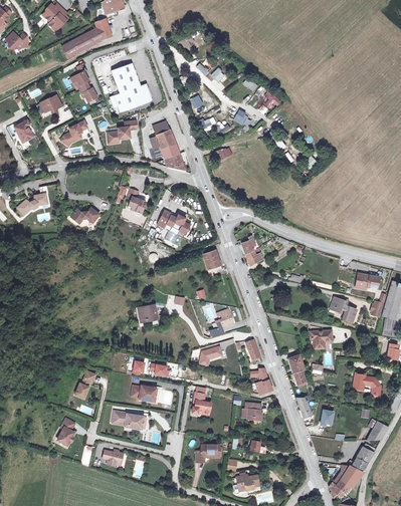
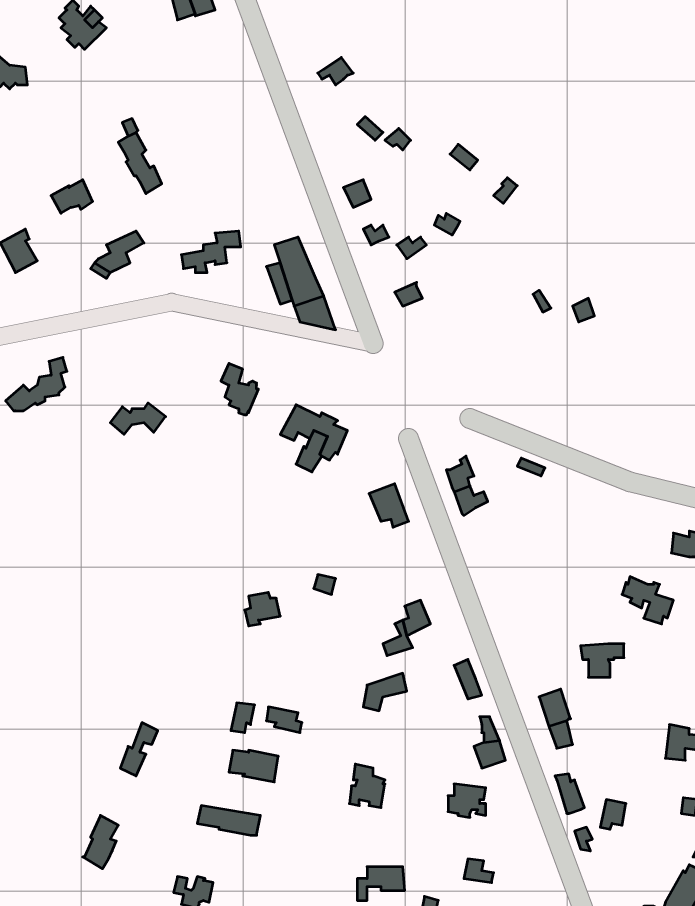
building: [62,18,112,56] -> none
building: [110,62,153,111] -> none

